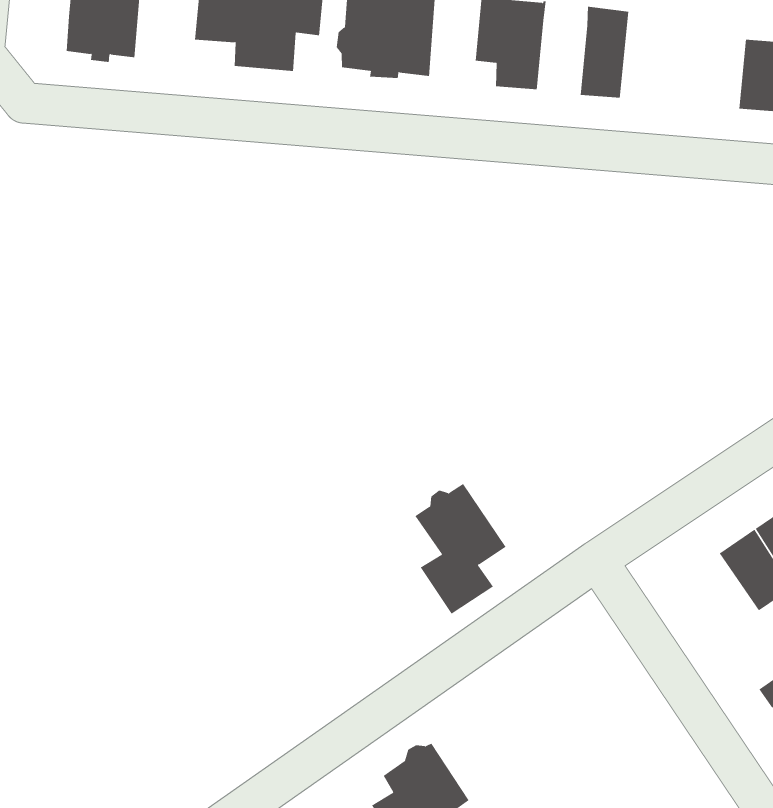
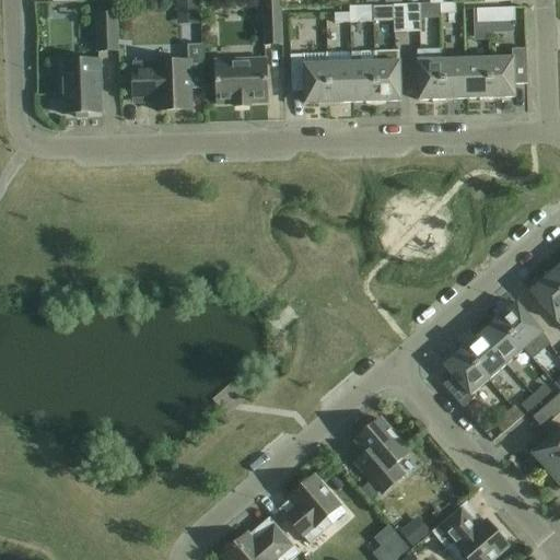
building: none -> [375,49,401,100]
building: none -> [418,48,443,98]
building: none -> [328,61,353,101]
building: [415,483,506,614] -> [355,417,409,491]
building: none -> [443,348,489,405]

